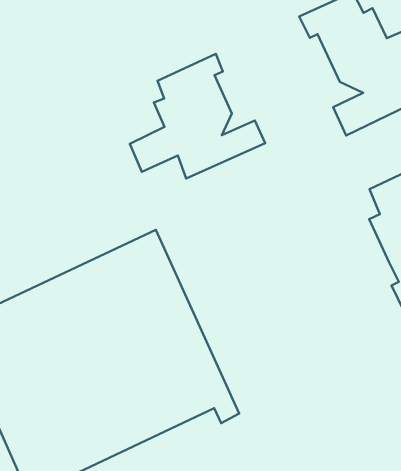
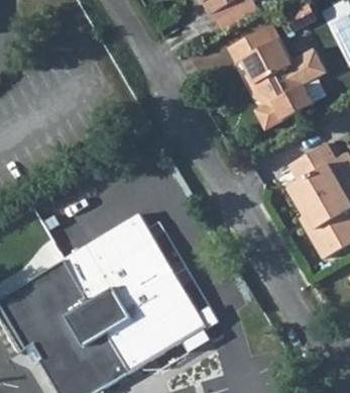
building: [130,54,265,178] -> none

